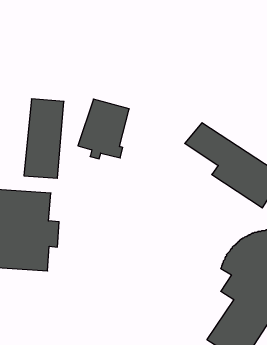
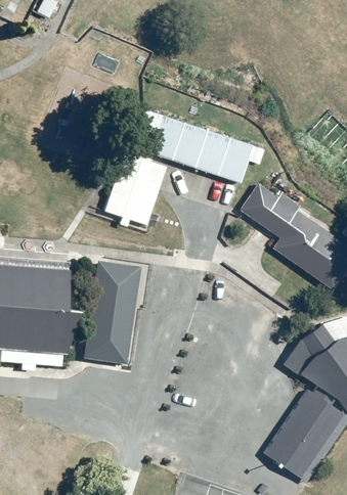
building: none -> [138,107,265,182]
building: [24,99,64,178] -> [87,262,137,361]

